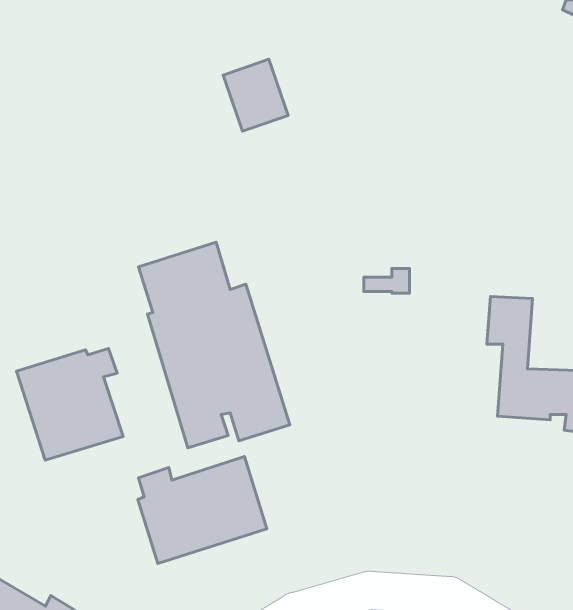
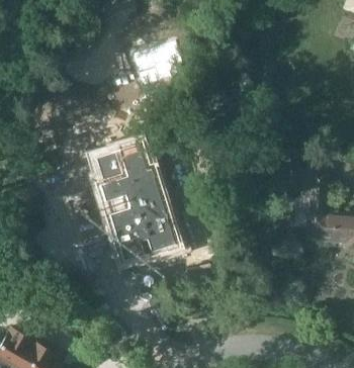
building: [17,348,123,460] -> none
building: [138,456,267,563] -> none

